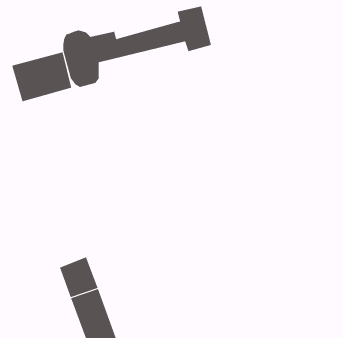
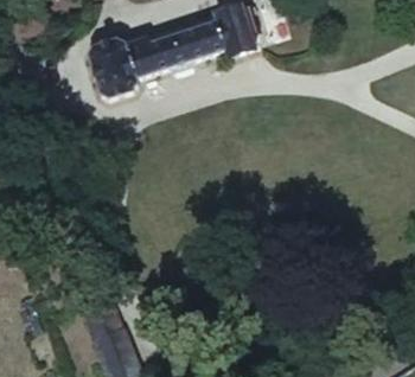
building: [12,52,72,102] -> none

